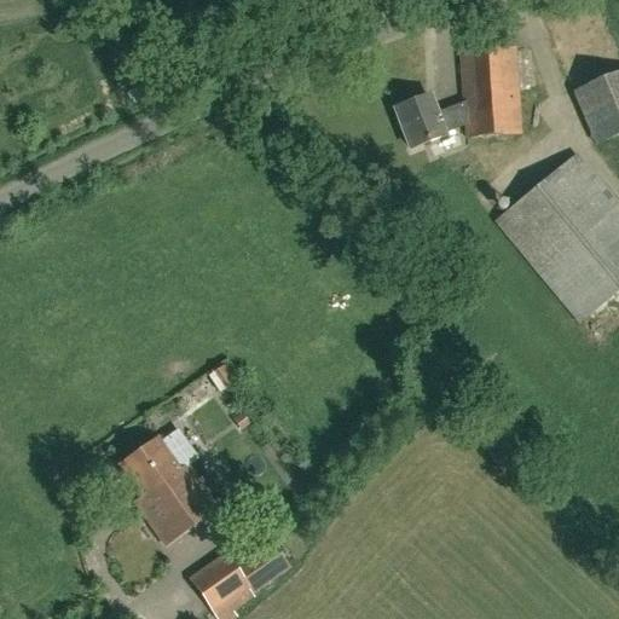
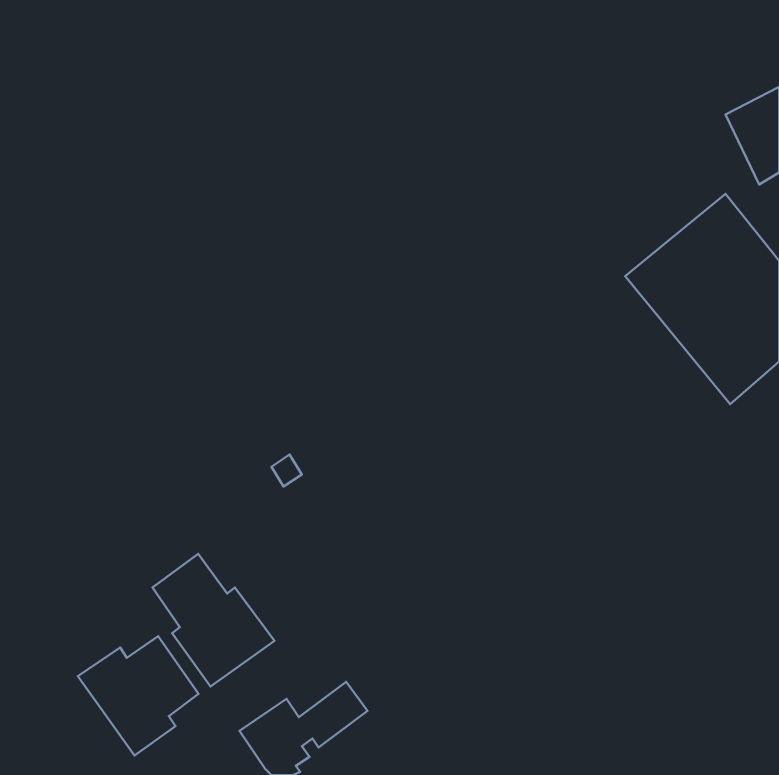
building: [395,46,521,147] -> none
building: none -> [78,636,198,756]

